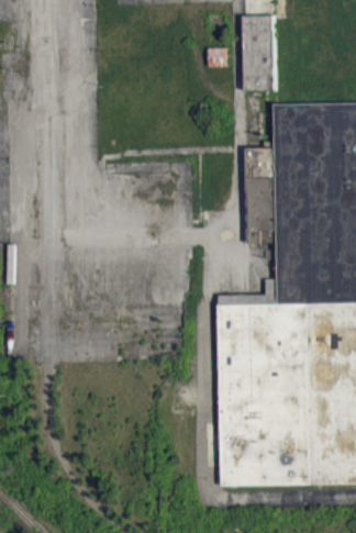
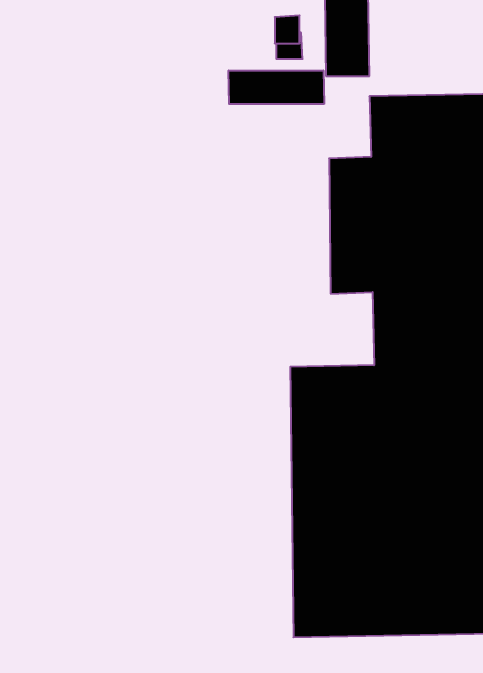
building: none -> [229,70,324,104]

